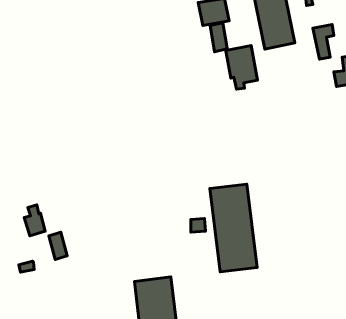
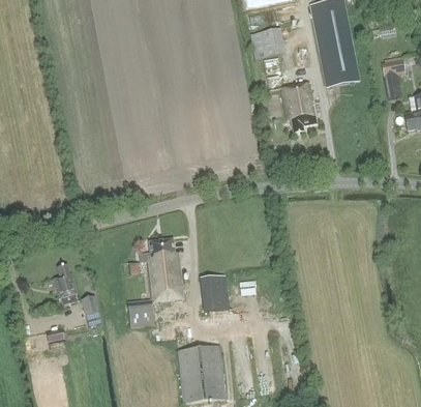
building: none -> [128,238,184,326]
building: [210,184,257,272] -> none
building: none -> [200,274,229,310]

